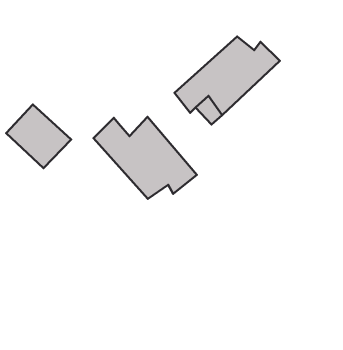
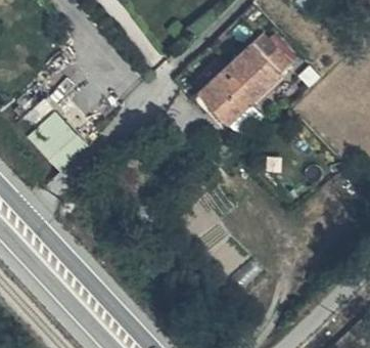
building: [94,117,197,199] -> none

